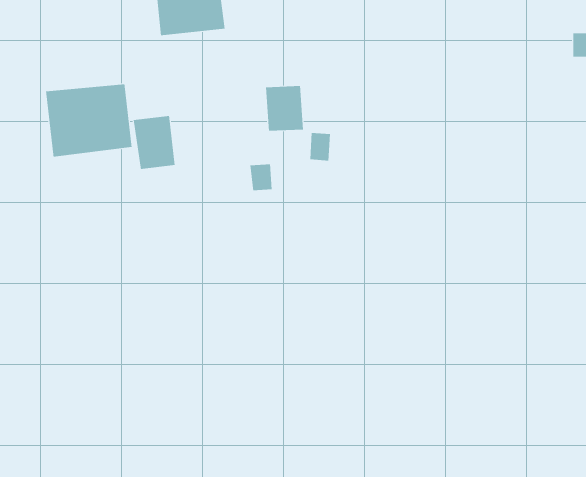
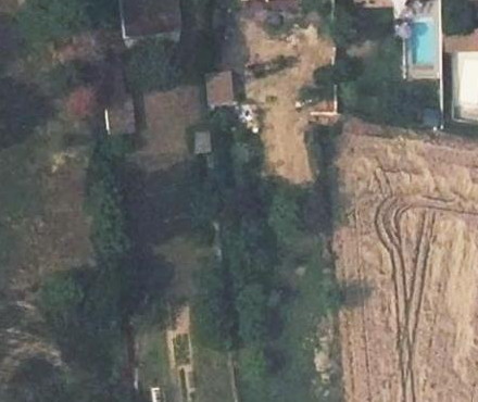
building: [45,84,132,158] -> none

